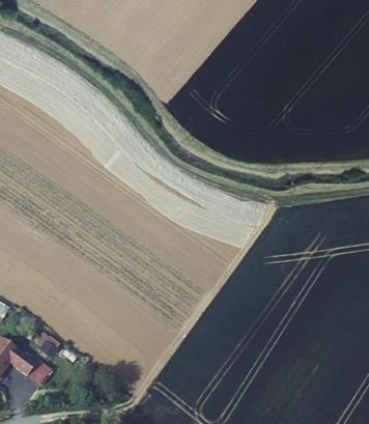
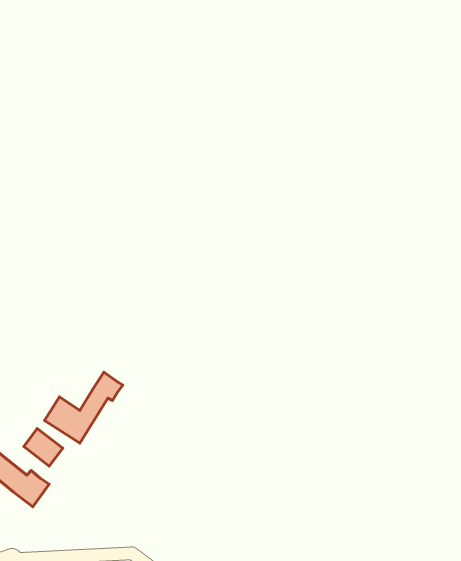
building: none -> [44,372,123,443]

